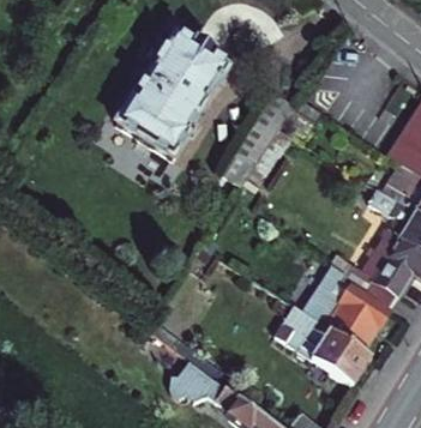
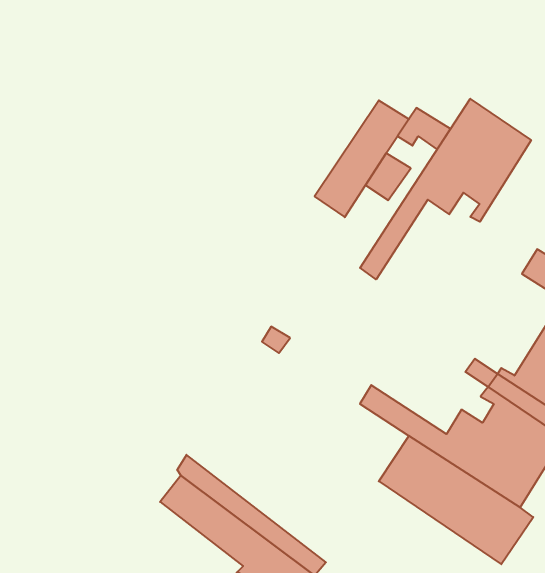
building: [120,35,225,156] -> none
building: none -> [360,99,531,279]

